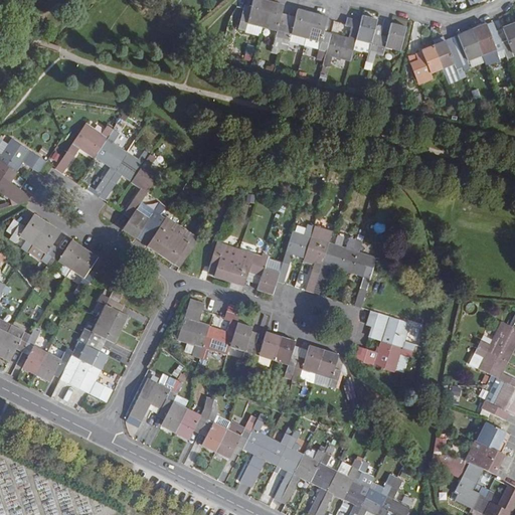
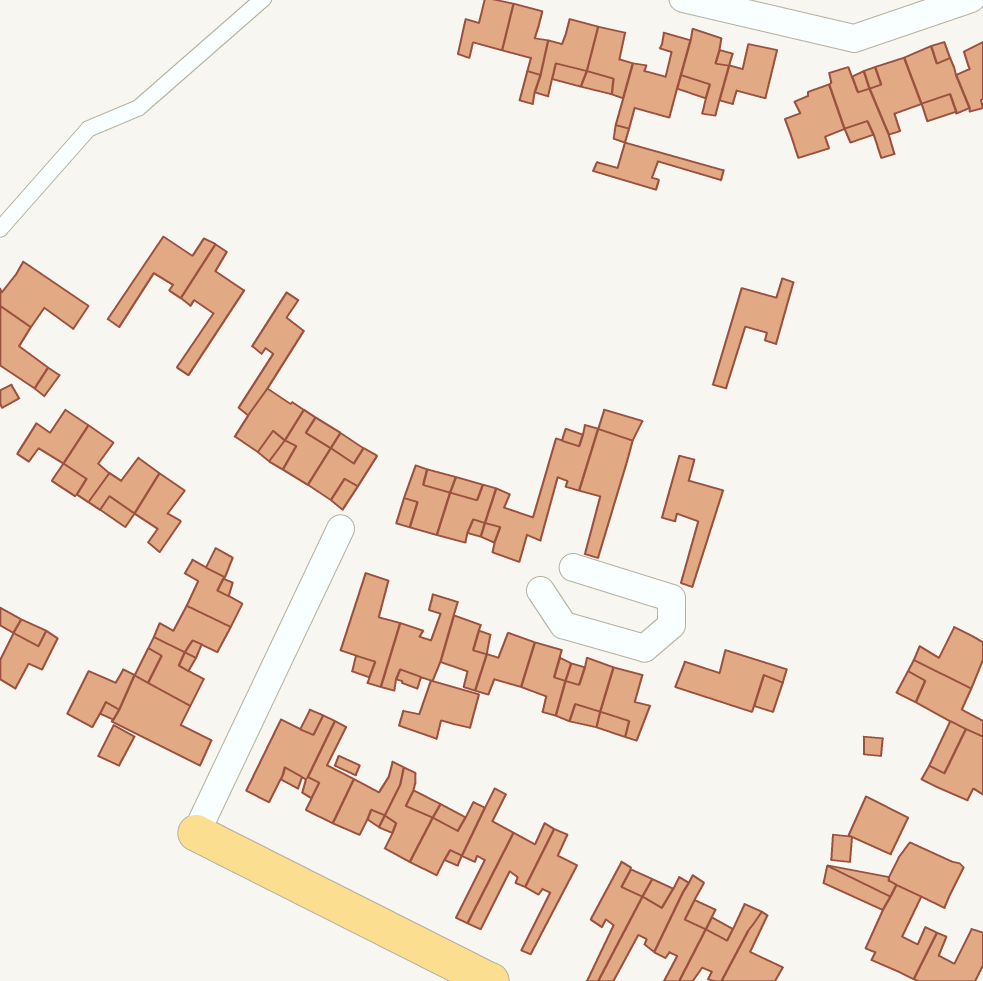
building: none -> [593,142,724,190]
building: [99,149,150,200] -> none
building: [313,236,355,294] -> [713,279,794,388]
building: [365,310,414,350] -> none
building: [22,334,46,373] -> none
building: none -> [399,680,479,739]
building: [476,420,507,451] -> [849,797,908,854]
building: [278,448,325,503] -> none

